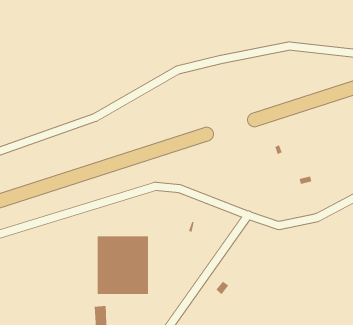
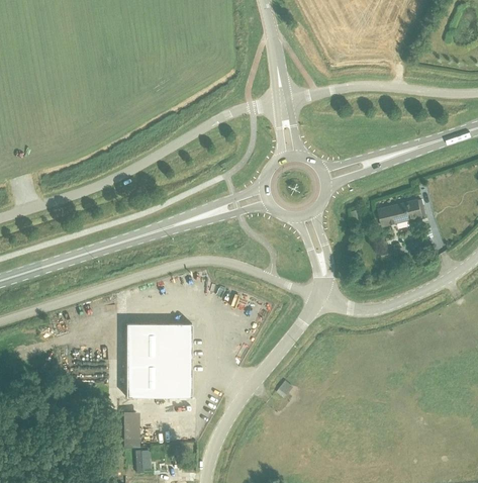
building: none -> [378,199,424,226]

